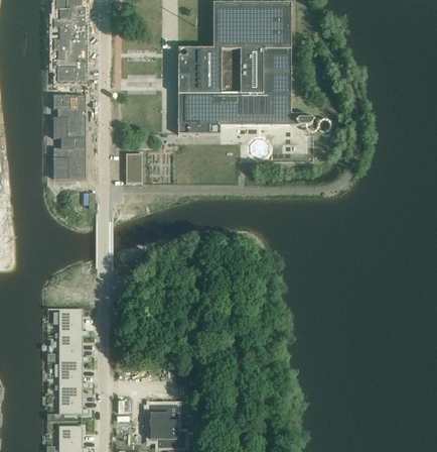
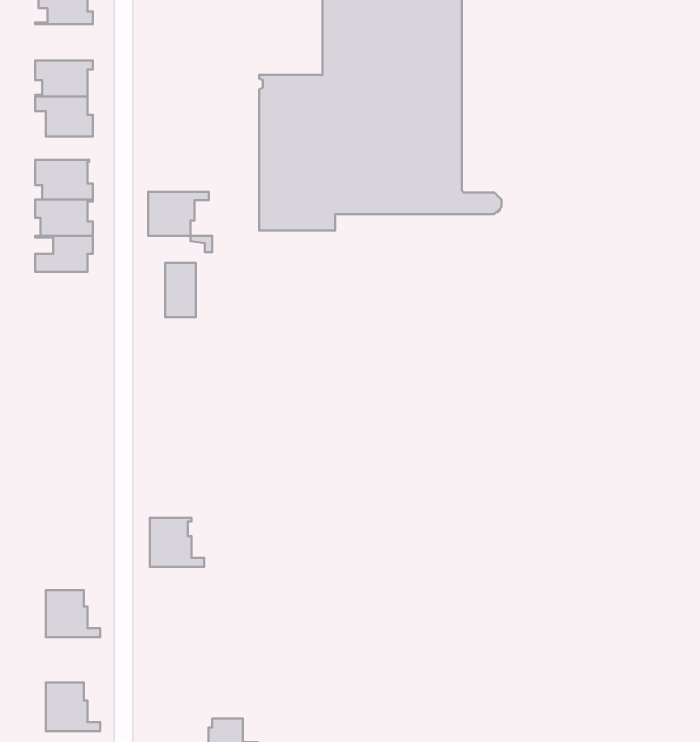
building: [53,19,86,39] -> none
building: none -> [148,192,209,236]
building: [53,157,86,179] -> none
building: [59,308,90,335] -> [150,518,204,567]
building: [59,361,90,387] -> none

